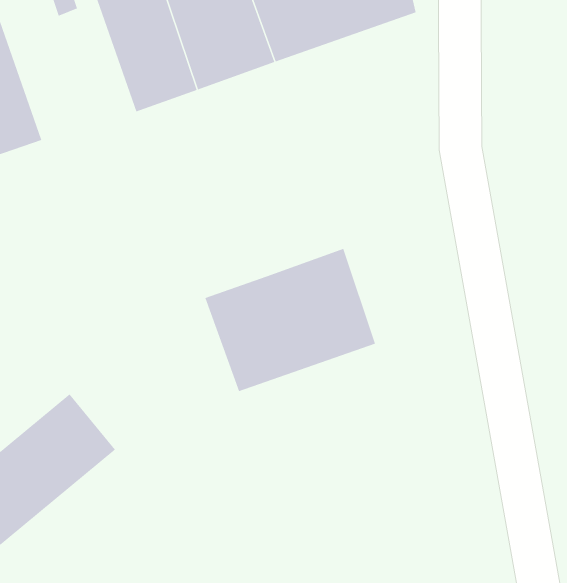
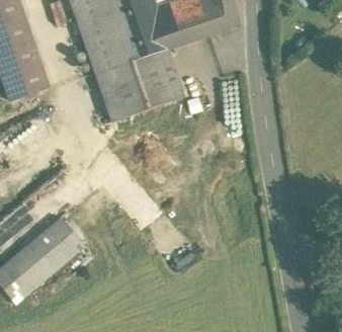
building: [205,248,376,392] -> [96,48,183,120]

